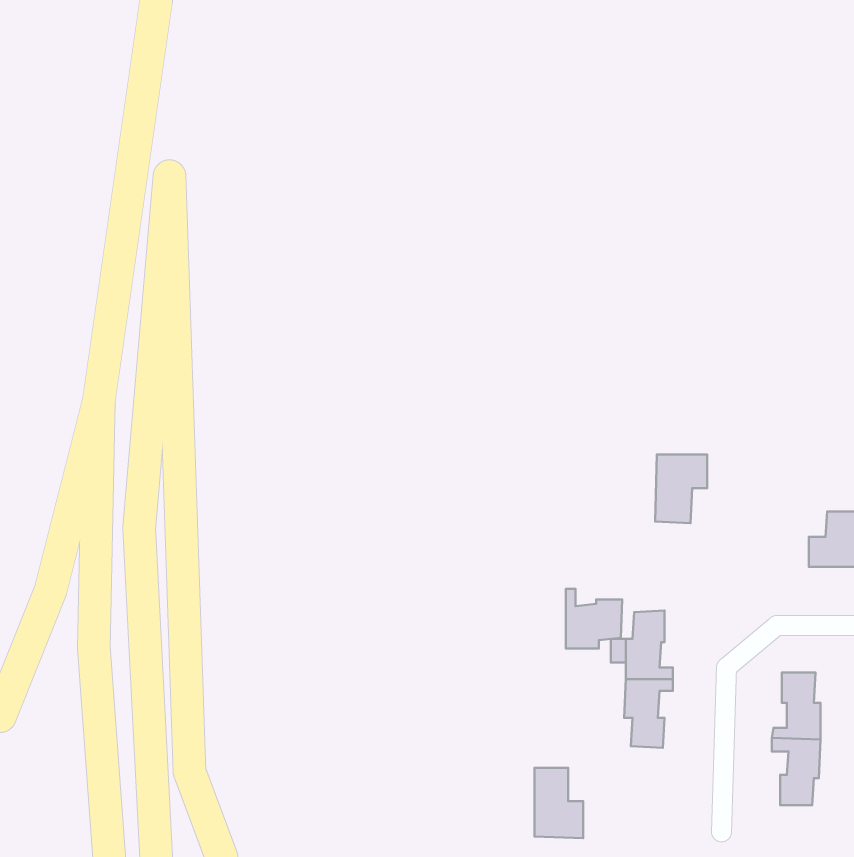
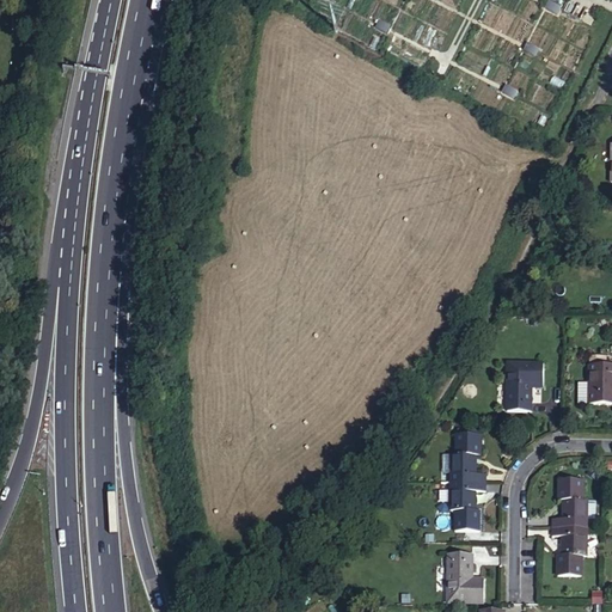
building: [655,455,707,523] -> [507,360,544,409]
building: [566,589,622,649] -> none
building: [535,768,583,838] -> [448,549,483,599]

